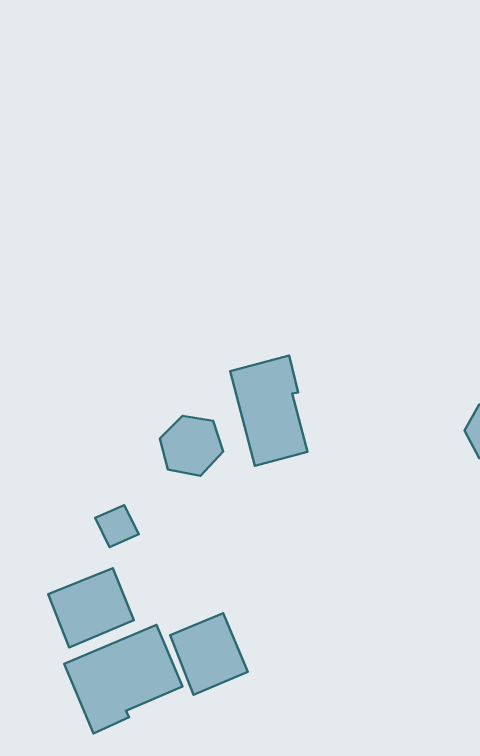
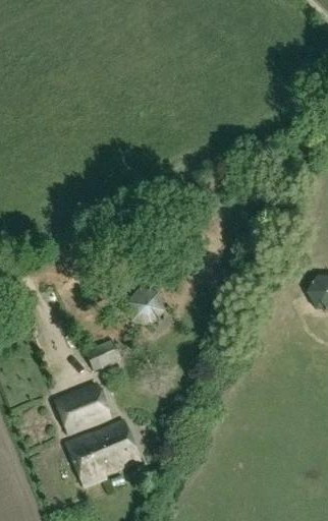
building: [230,355,307,466] -> none
building: [170,613,248,695] -> none

